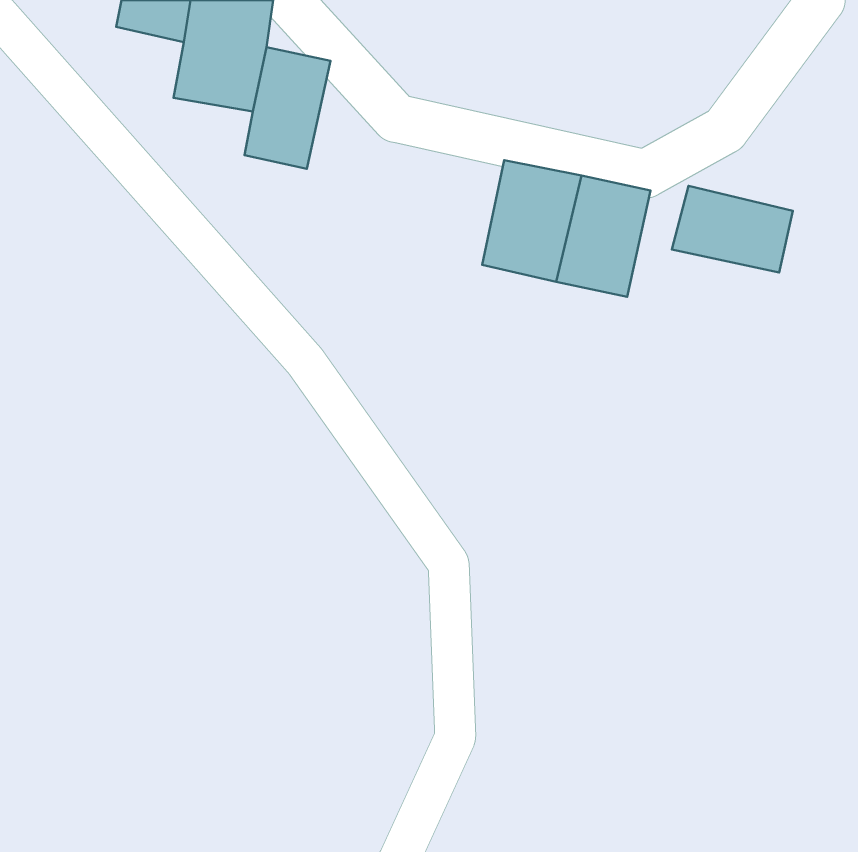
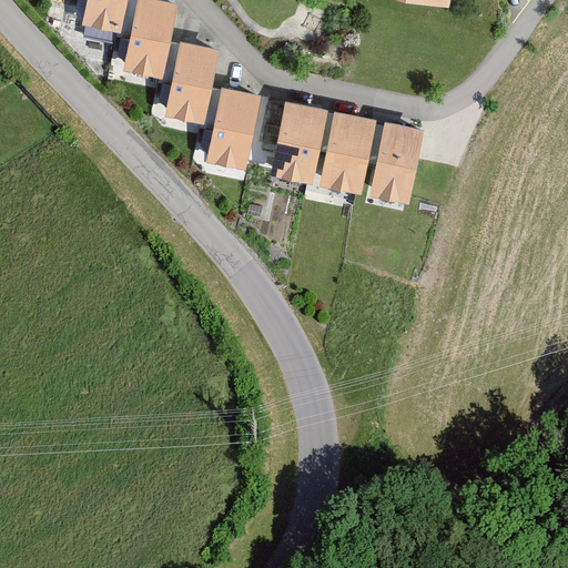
building: none -> [193,88,262,169]
building: none -> [272,103,332,181]
building: [672,186,793,272] -> none

